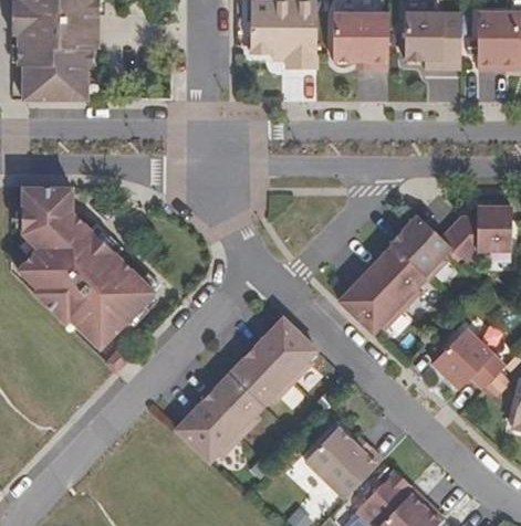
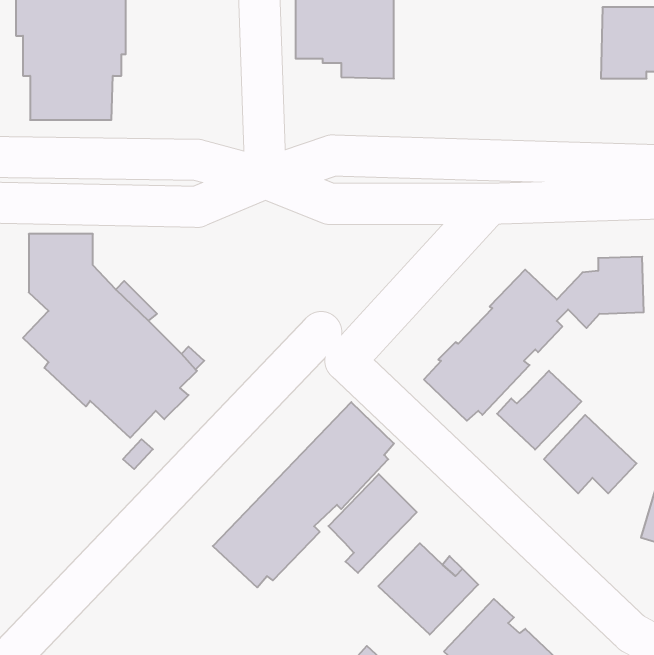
building: [403,12,459,67] -> none
building: [325,14,386,69] -> none
building: none -> [497,371,581,450]
building: none -> [328,474,417,573]

